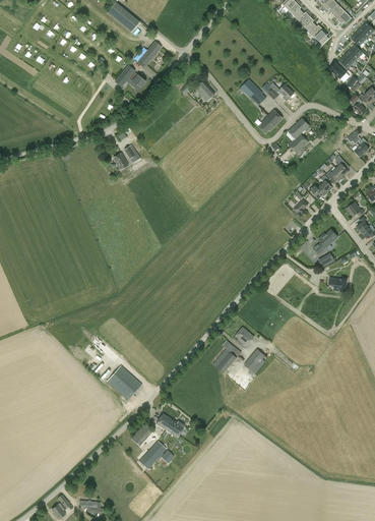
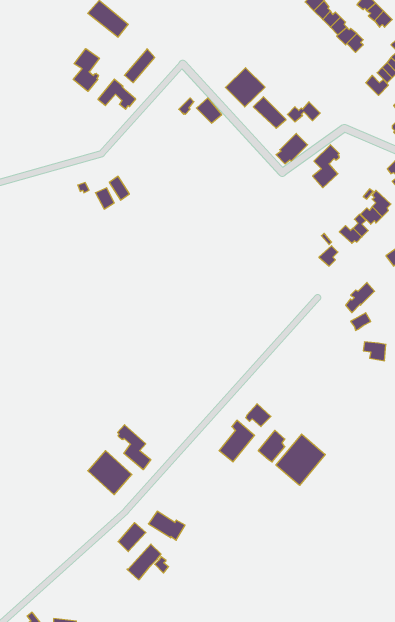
building: none -> [73,49,99,91]
building: none -> [225,68,265,107]
building: none -> [118,425,151,470]
building: none -> [276,434,325,485]

